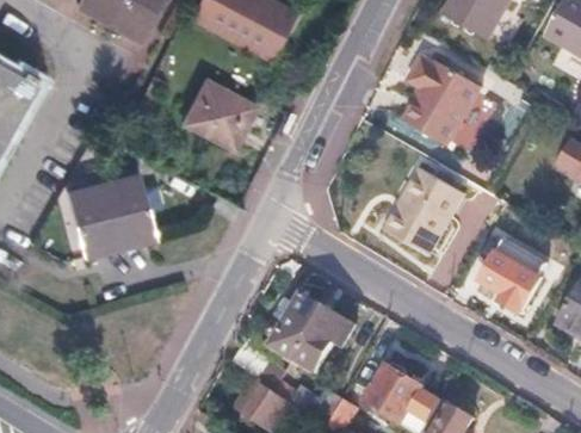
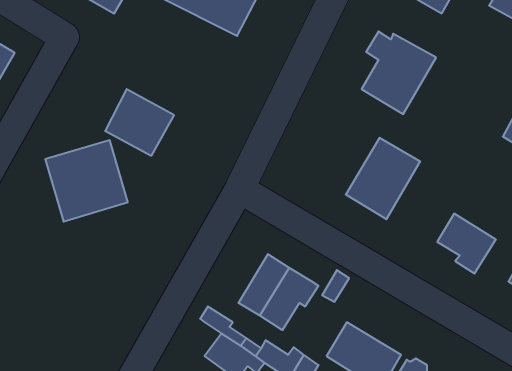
building: [184,80,256,150] -> [105,89,174,156]

